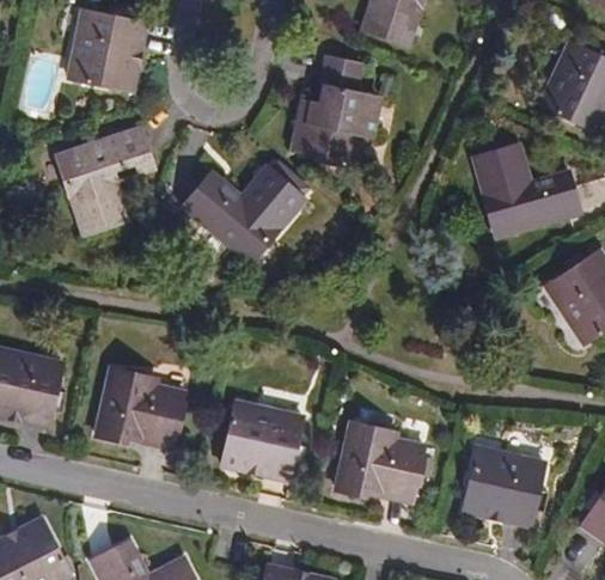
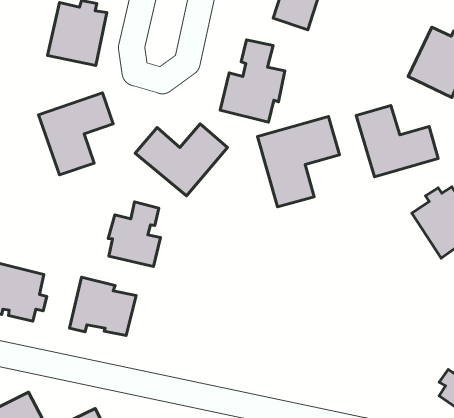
building: none -> [257,116,339,207]
building: none -> [108,202,161,267]
building: [220,402,306,480] -> none
building: [336,422,423,499] -> none
building: [463,447,548,525] -> none

